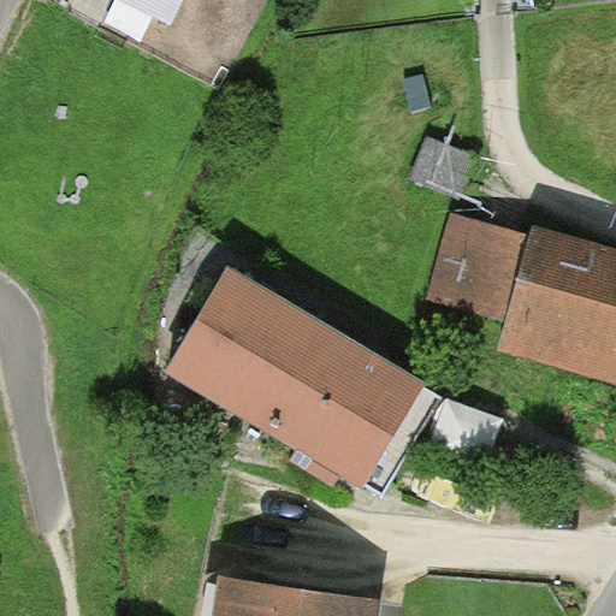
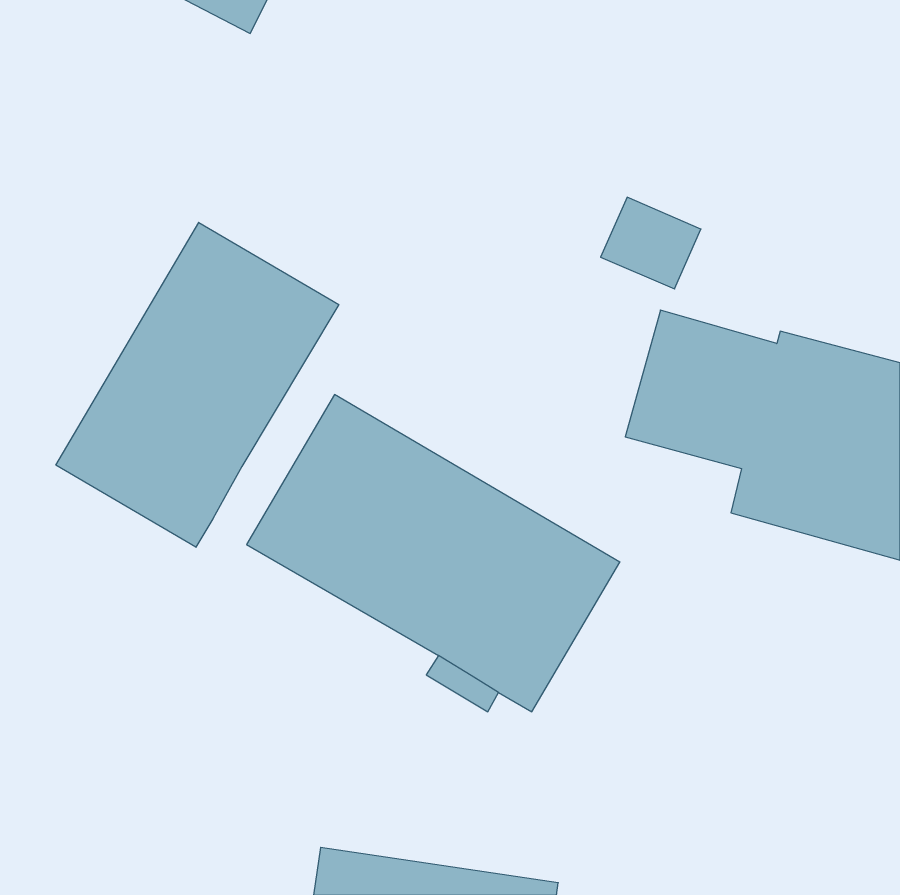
building: none -> [56,222,339,547]

